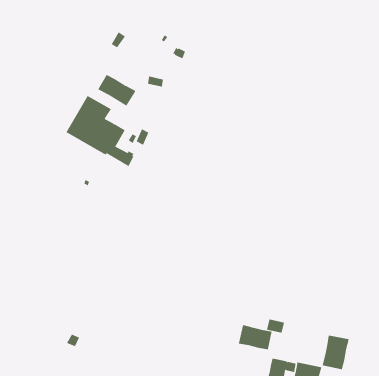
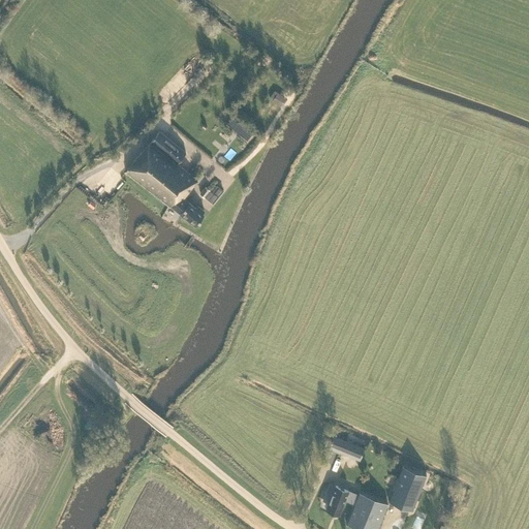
building: [97,74,136,107] -> none
building: [238,324,272,350] -> none

